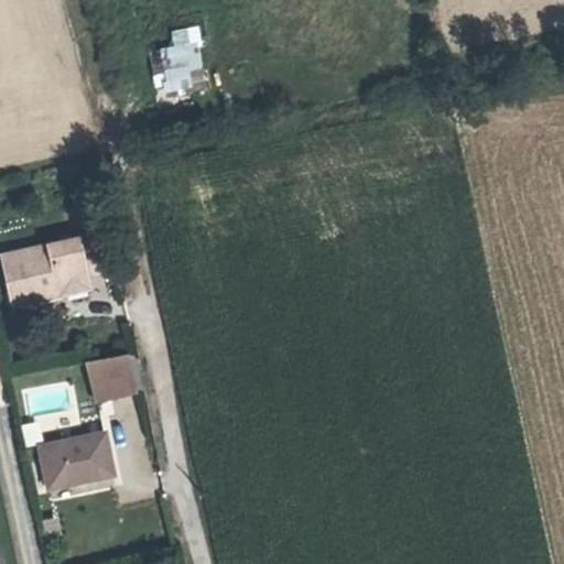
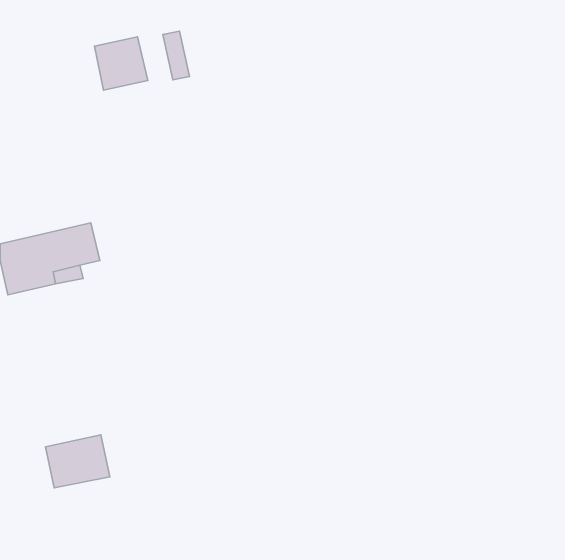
building: none -> [95,37,148,90]
building: [89,358,131,403] -> none

